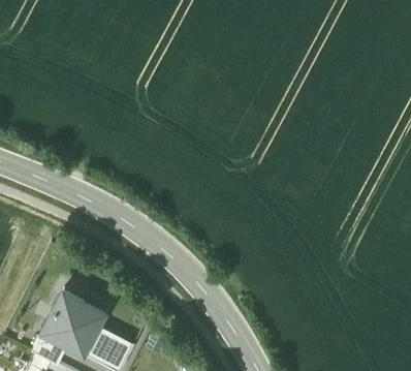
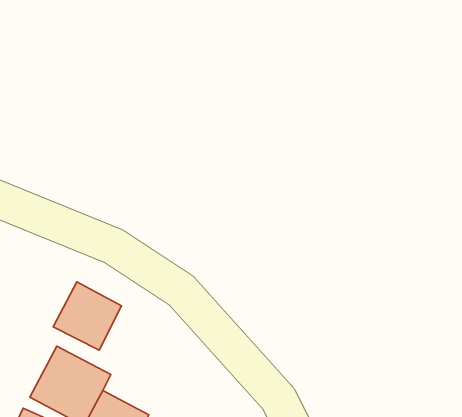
building: none -> [53,282,122,350]

